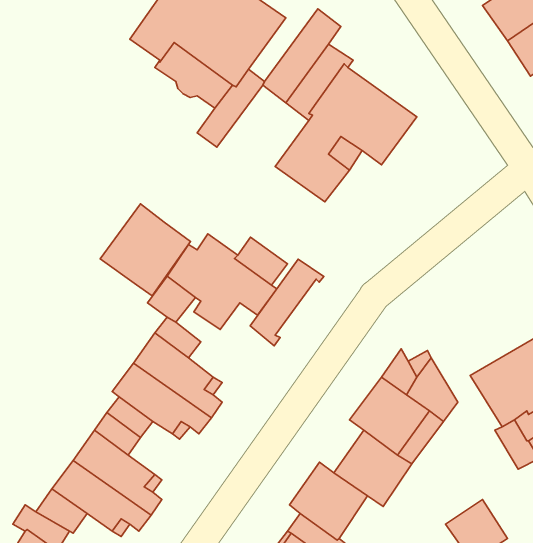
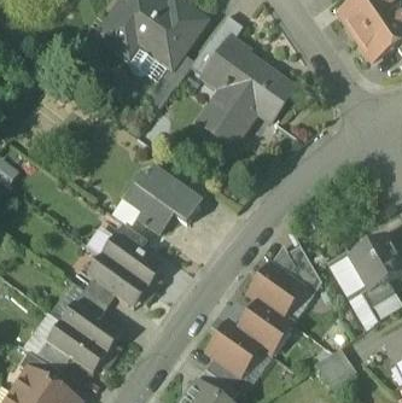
building: [100,204,190,296] -> none
building: [250,259,324,346] -> none

